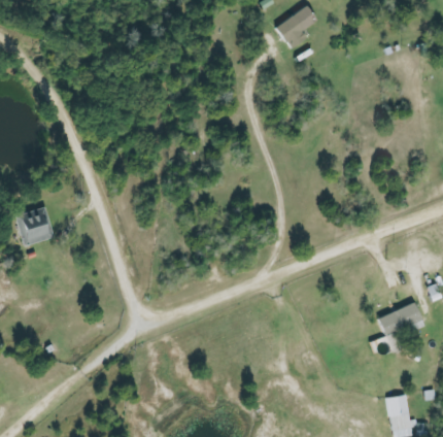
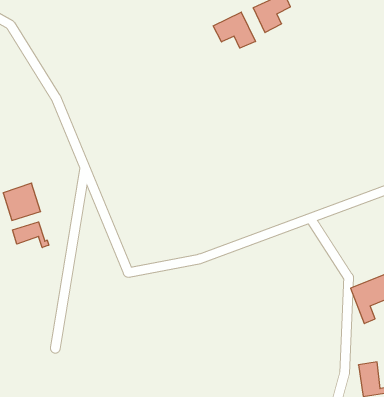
building: none -> [213,12,255,48]
building: none -> [12,222,49,248]

